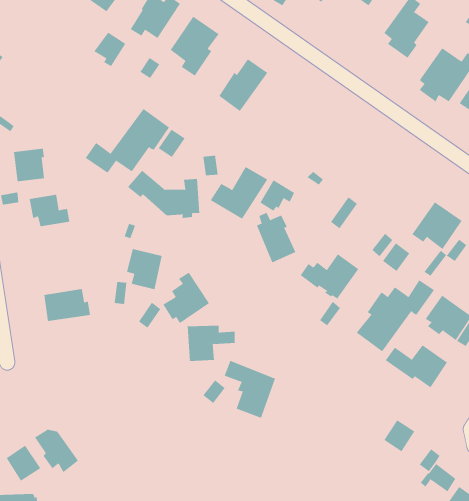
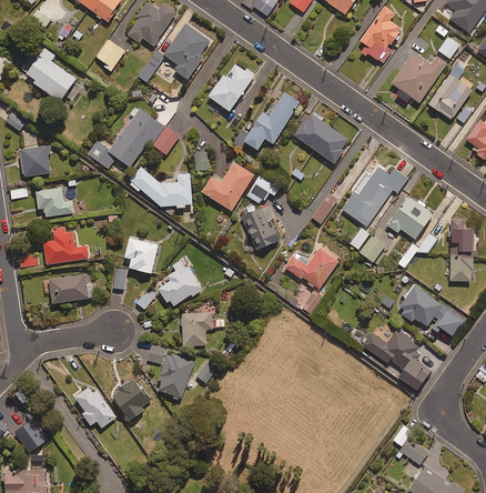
building: none -> [19,43,77,102]
building: none -> [244,93,298,151]
building: none -> [294,111,350,164]
building: none -> [43,228,88,265]
building: [356,279,435,352] -> [341,155,413,222]
building: [224,360,276,418] -> [145,341,193,394]
building: none -> [110,374,149,417]
building: [384,419,415,452] -> [402,355,431,385]
building: [34,429,79,473] -> [73,384,114,424]

